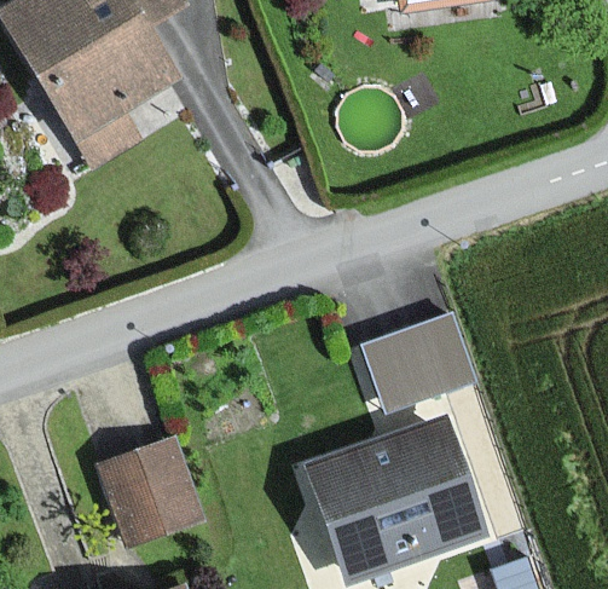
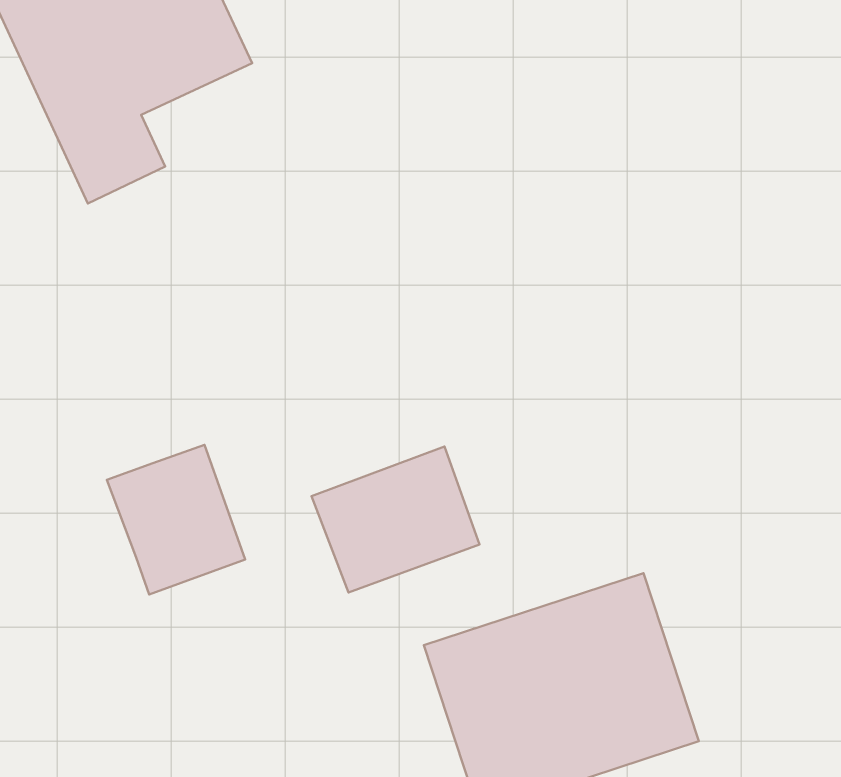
building: [363,312,473,408] -> [311,446,479,592]
building: [105,449,196,547] -> [107,445,245,595]

